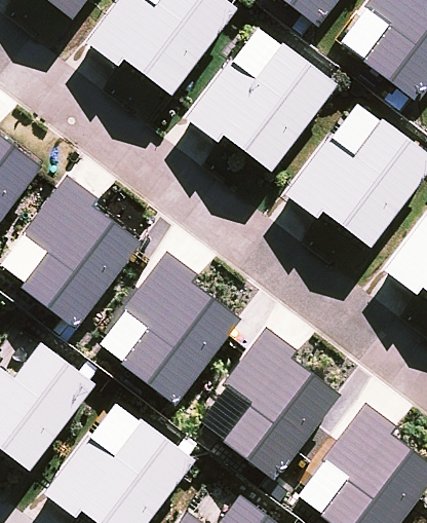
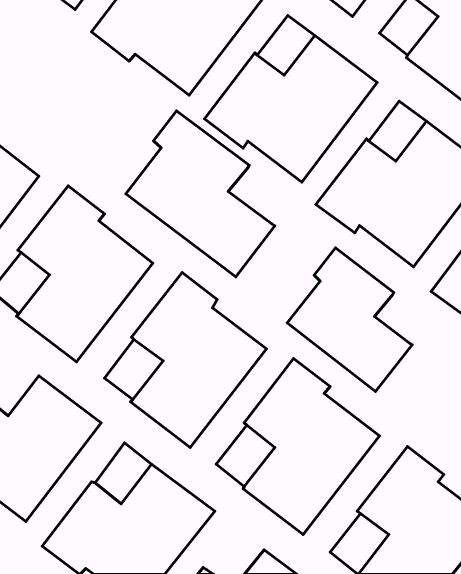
building: none -> [126,111,275,277]
building: none -> [287,248,412,391]

